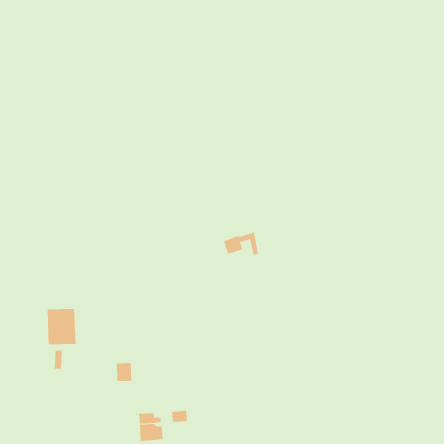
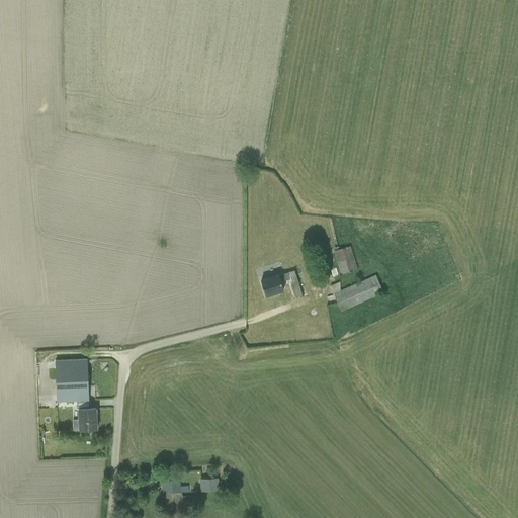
building: none -> [334,246,356,274]
building: none -> [333,275,382,312]
building: [116,362,132,382] -> [77,408,96,430]

